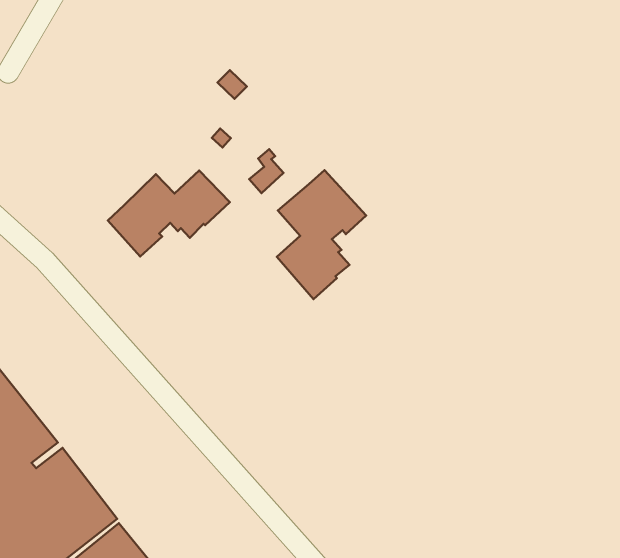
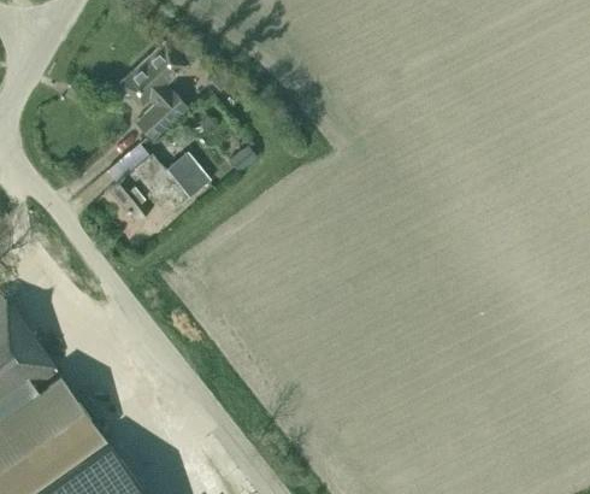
building: none -> [119,42,185,142]
building: [277,170,366,299] -> none

